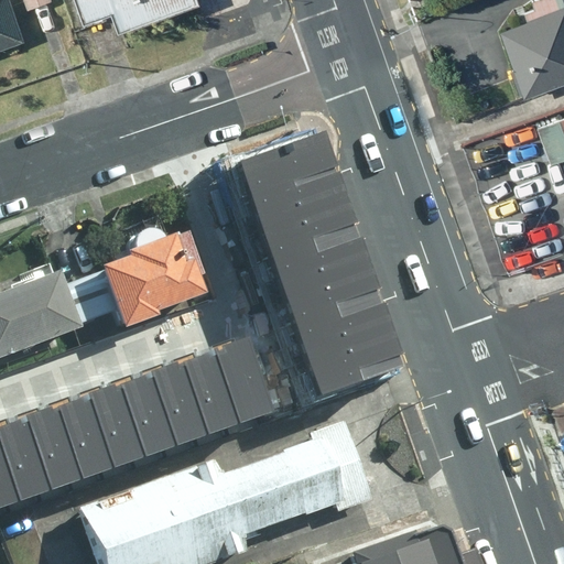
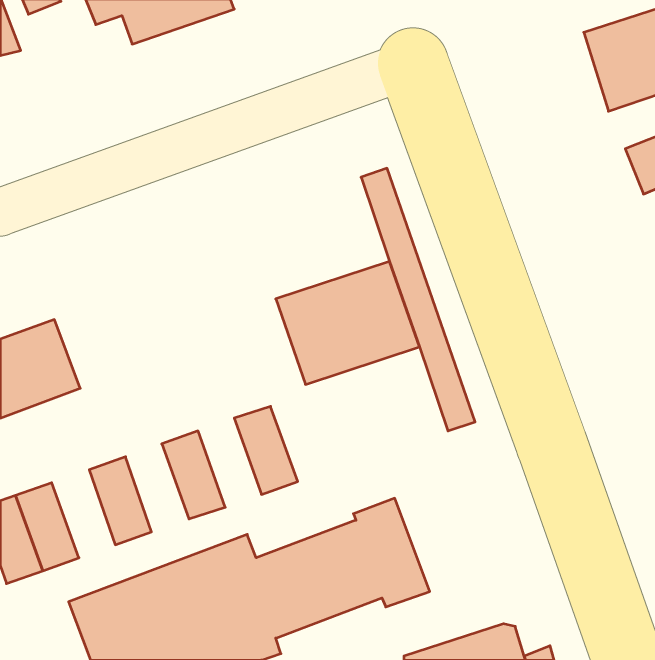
building: [215,151,337,254] -> none
building: [89,239,198,333] -> none
building: [265,295,387,399] -> none
building: [174,356,228,432] -> none
building: [112,378,166,453] -> none
building: [50,400,104,475] -> none

